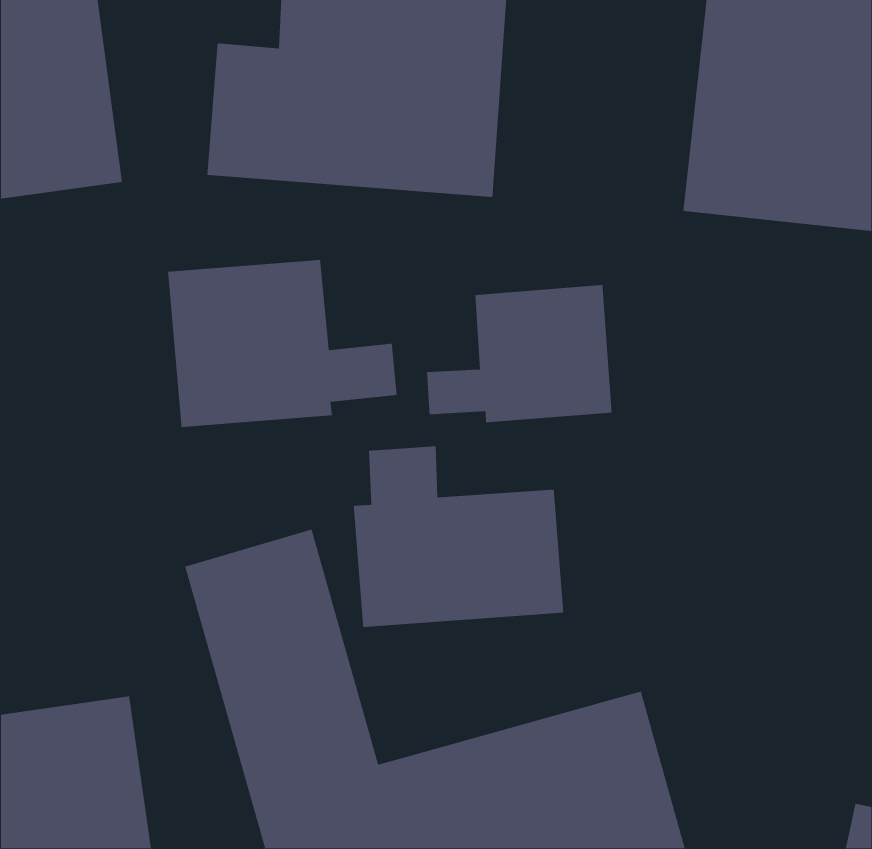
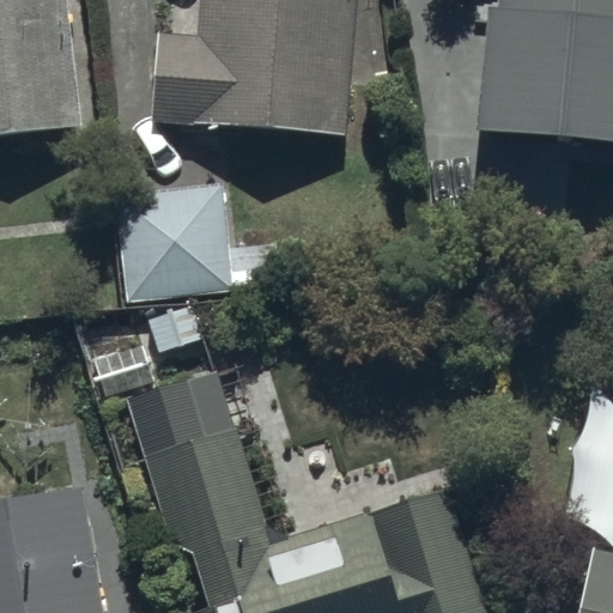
building: [426,284,612,423] -> none
building: [353,446,564,628] -> none

